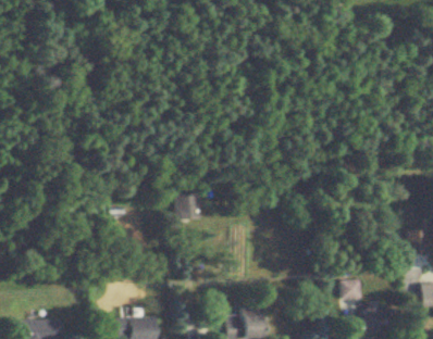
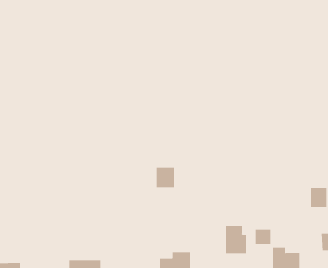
building: [178,193,201,218] -> [156,167,175,188]
building: none -> [226,225,247,254]

